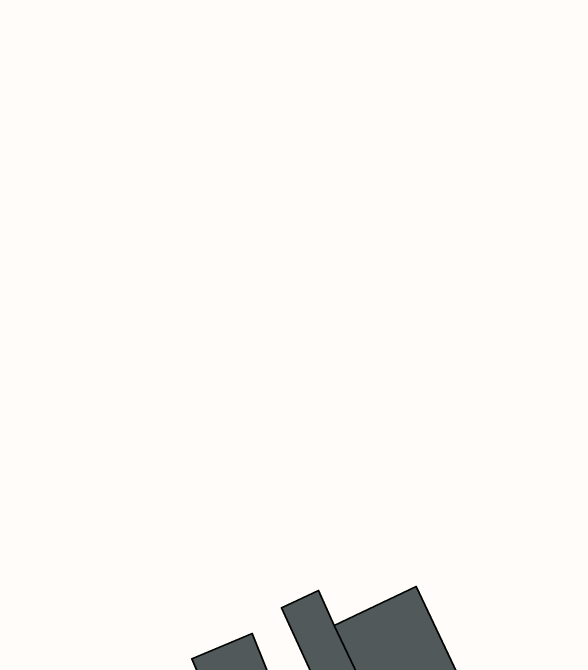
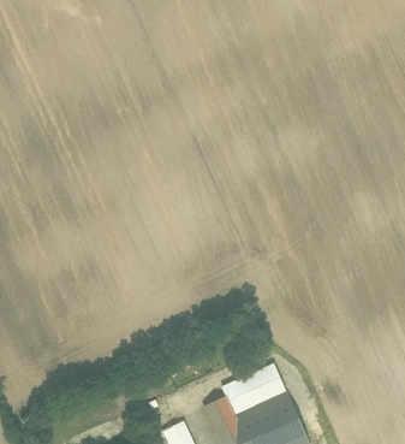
building: none -> [222,363,286,416]

